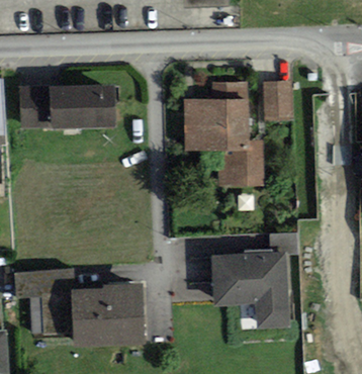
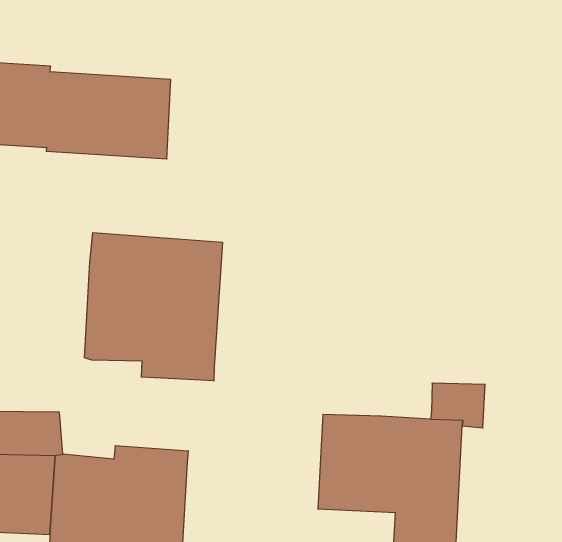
building: [264,81,292,119] -> none
building: [183,82,265,187] -> none
building: none -> [85,233,222,381]

